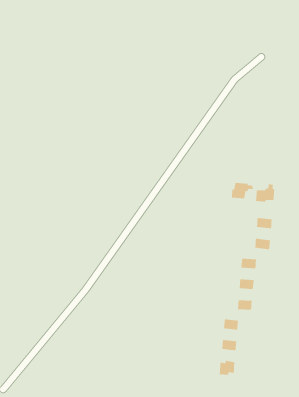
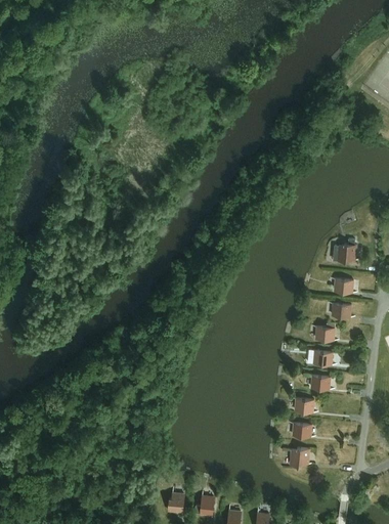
building: [231,182,254,199] -> none

